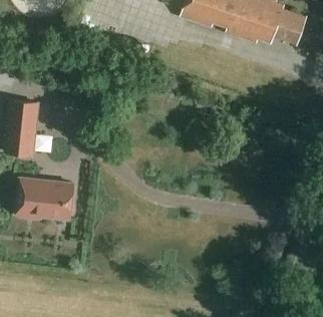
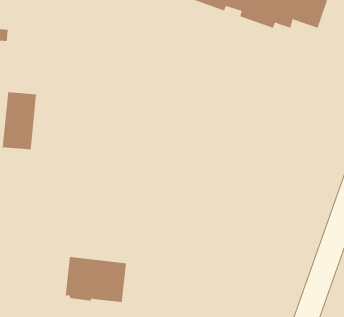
building: [14,179,71,221] -> [65,257,127,302]

